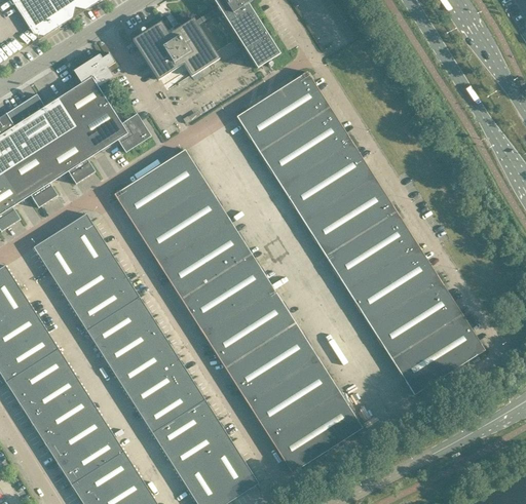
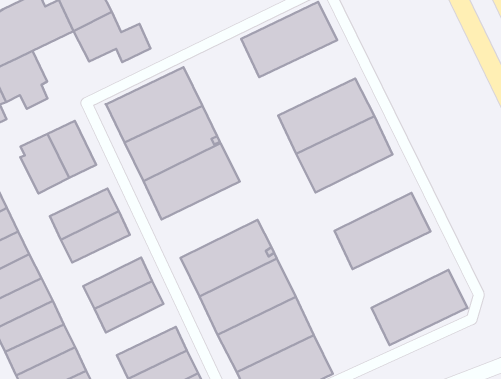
building: [258,106,350,185] -> none
building: [37,126,95,183] -> none
building: [325,209,417,289] -> none
building: [59,253,124,307] -> none
building: [180,253,272,333] -> none
building: [369,279,461,359] -> none
building: [99,316,164,371] -> none
building: [139,379,205,433] -> none

